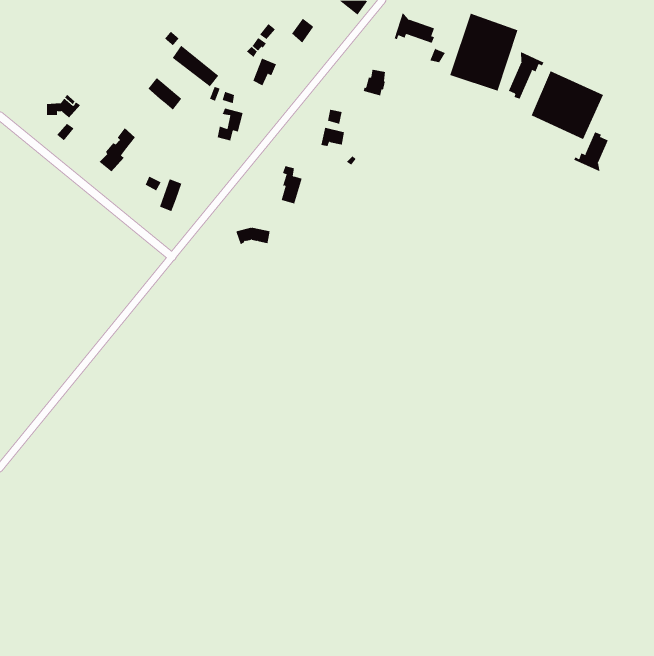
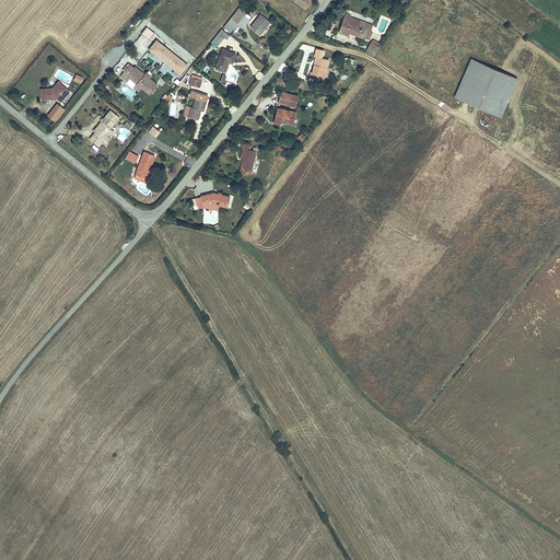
building: [449,13,518,91] -> none
building: [508,51,544,100] -> none
building: [574,131,608,172] -> none

